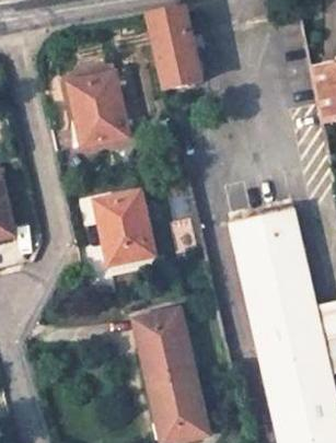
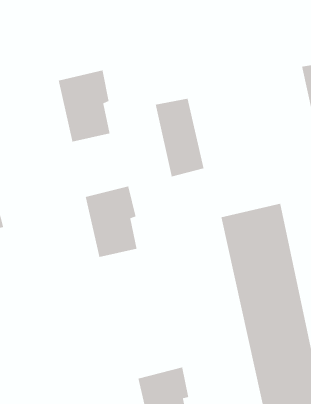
building: [150,10,200,91] -> [155,98,204,177]
building: [135,313,195,386] -> none

